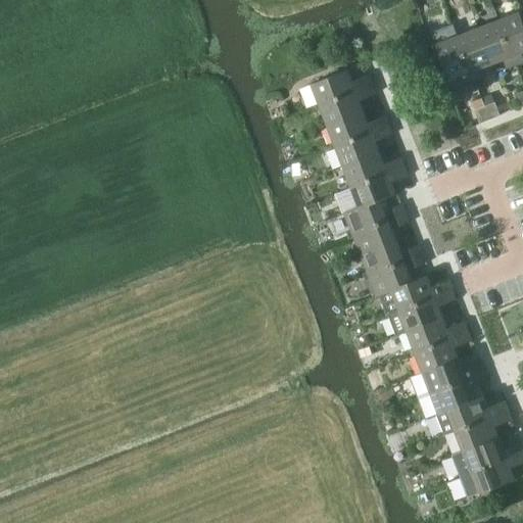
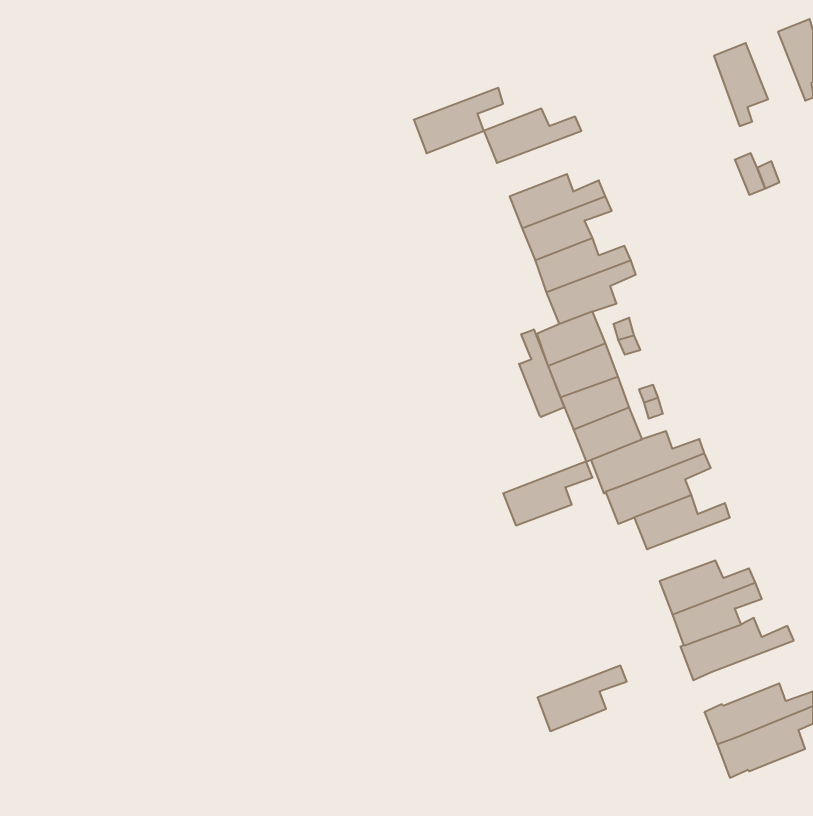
building: [477,20,515,67] -> none
building: [433,25,473,83] -> none
building: [318,84,375,126] -> [414,88,503,153]
building: none -> [519,329,564,417]
building: [414,331,471,372] -> [503,461,593,525]
building: [455,410,512,451] -> [537,666,627,731]

